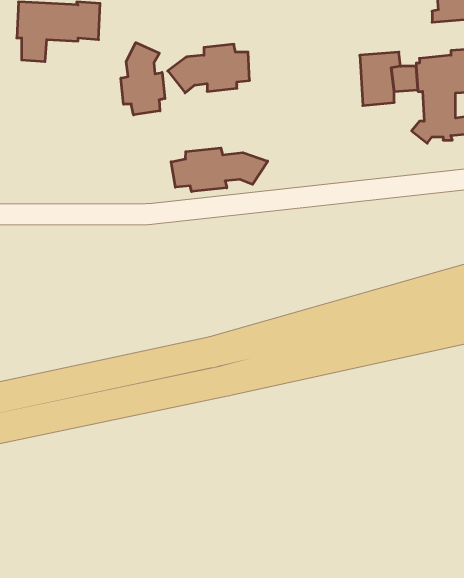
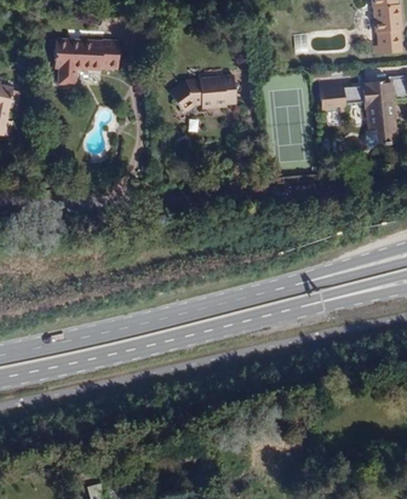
building: [121,43,165,115] -> none
building: [171,148,268,192] -> none

